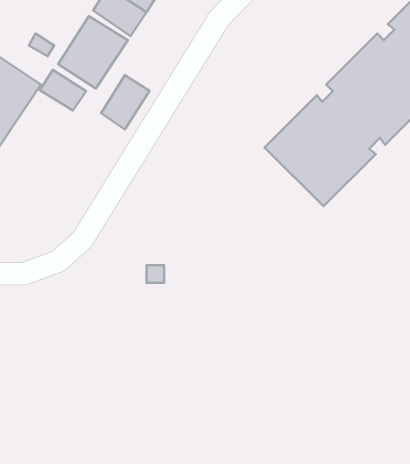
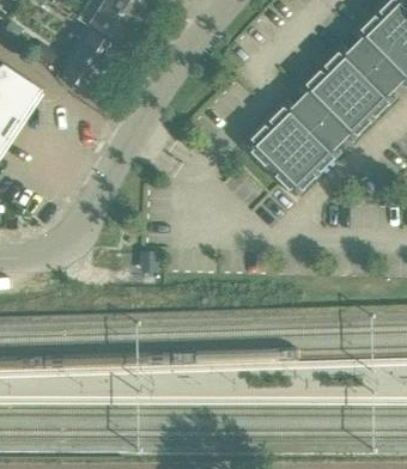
building: [40,70,86,110] -> none
building: [101,75,150,129] -> none

